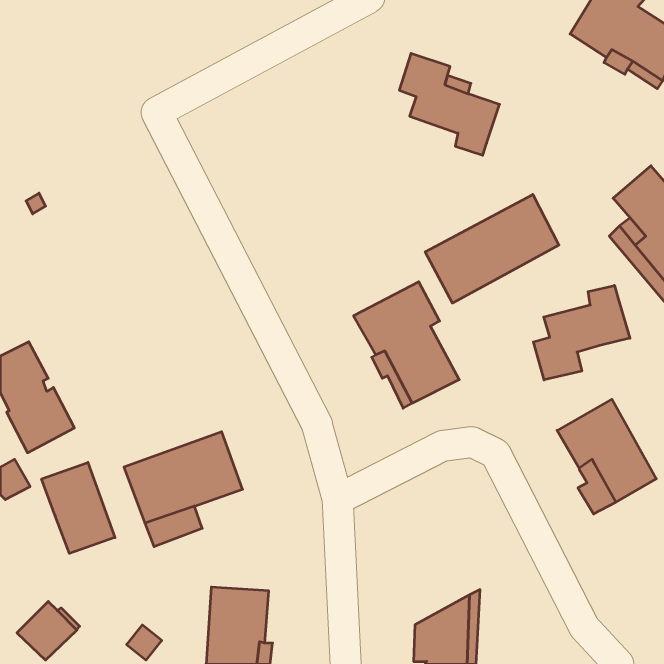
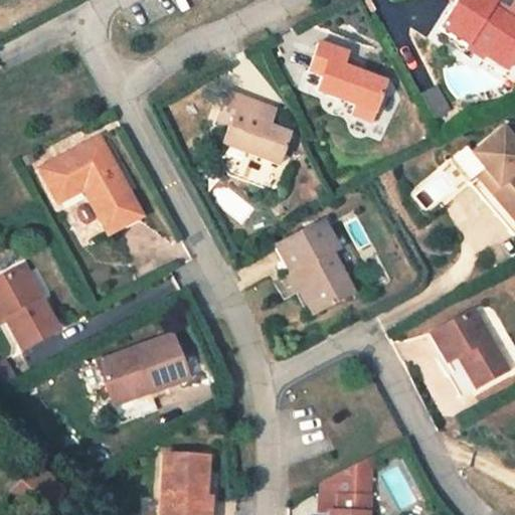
building: none -> [216,91,292,163]
building: none -> [40,136,143,233]
building: [425,194,559,303] -> none
building: [533,285,630,380] -> none
building: [42,462,115,553] -> none

